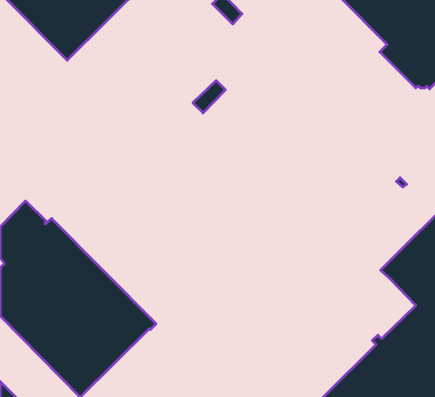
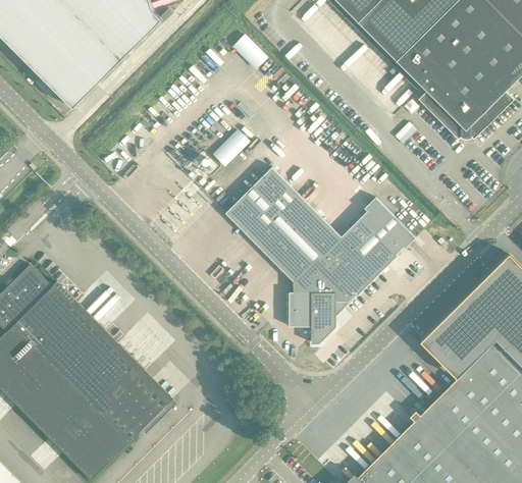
building: none -> [226,167,416,343]

